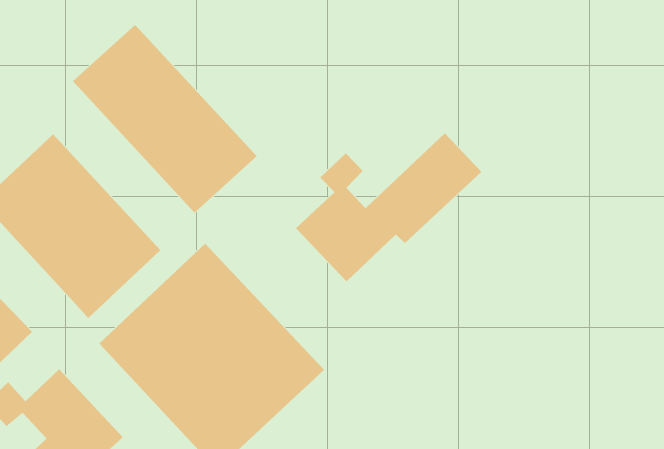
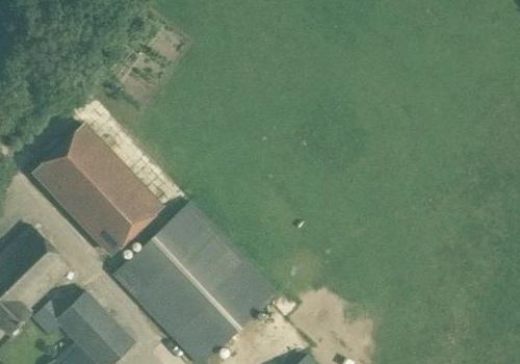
building: [72,24,258,213] -> none
building: [295,132,482,282] -> none

